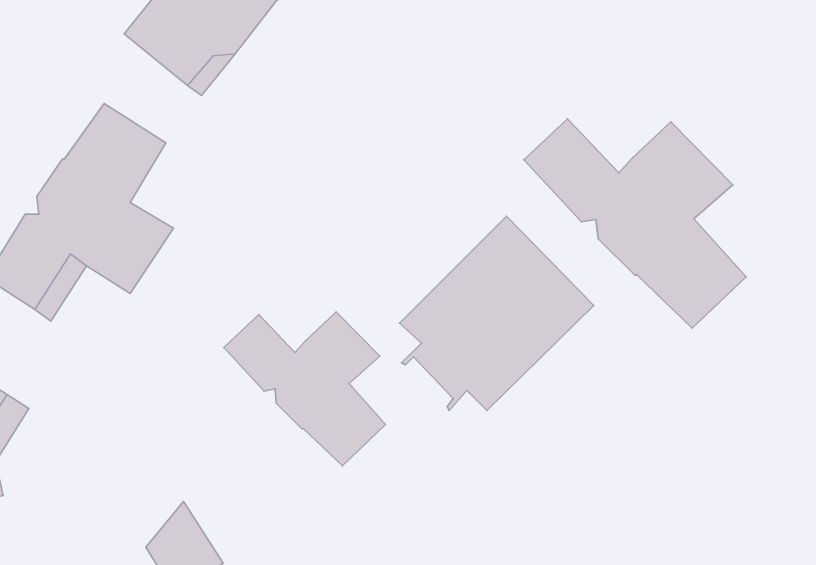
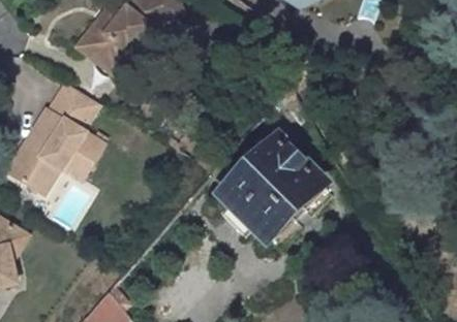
building: [524,119,746,328] -> none
building: [224,312,386,466] -> none

